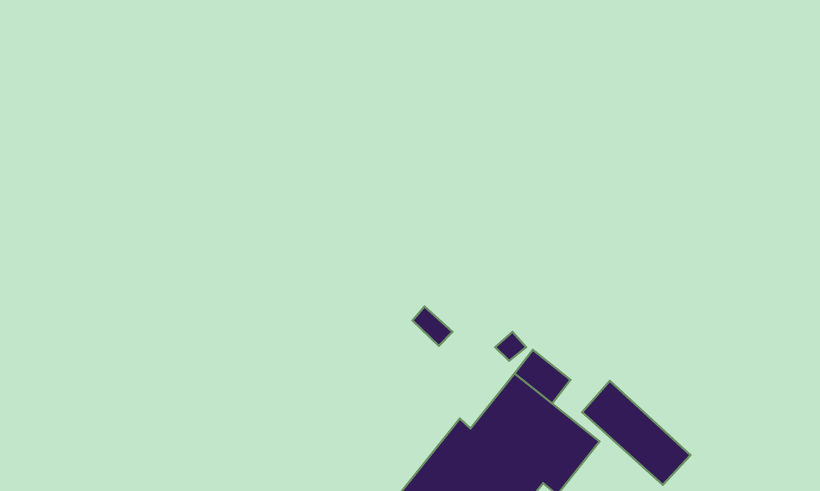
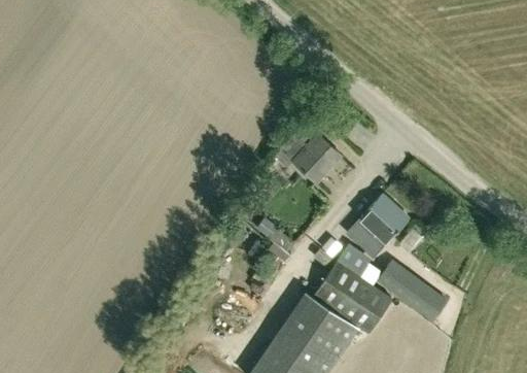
building: none -> [292,132,343,181]
building: none -> [348,194,408,255]

